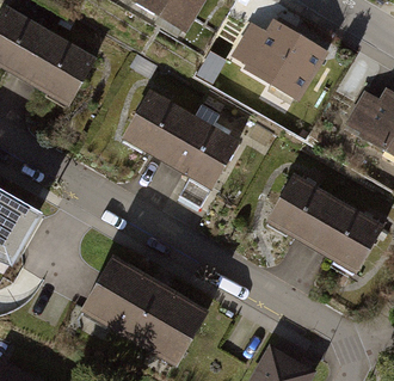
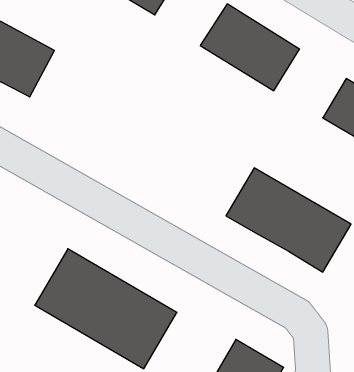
building: [119,92,240,190] -> none

